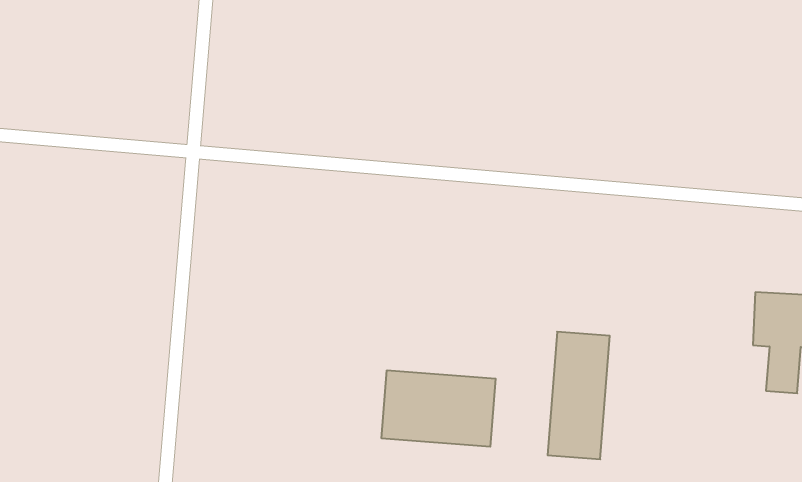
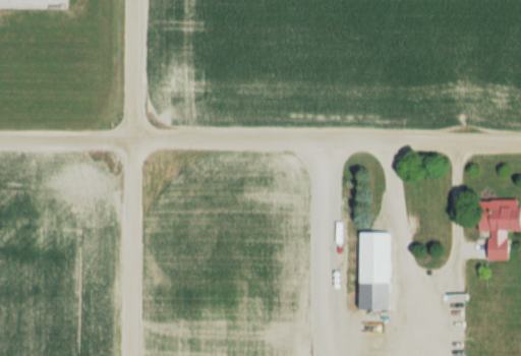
building: [382,370,496,447] -> none

